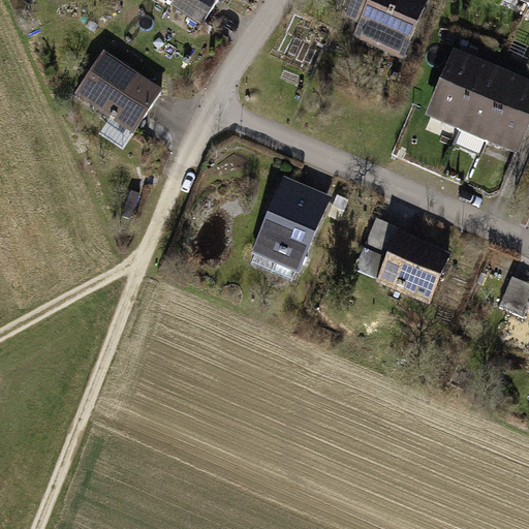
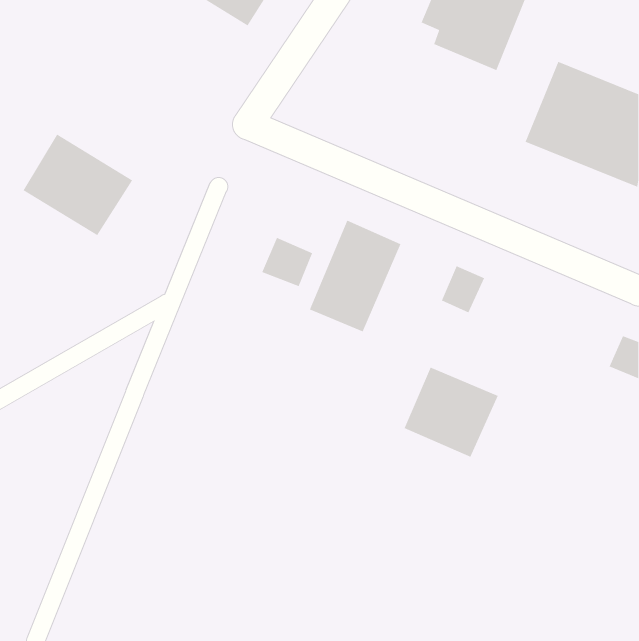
building: [73,46,163,130] -> [23,133,133,236]
building: none -> [261,237,313,287]
building: [374,230,452,305] -> [404,366,499,458]

